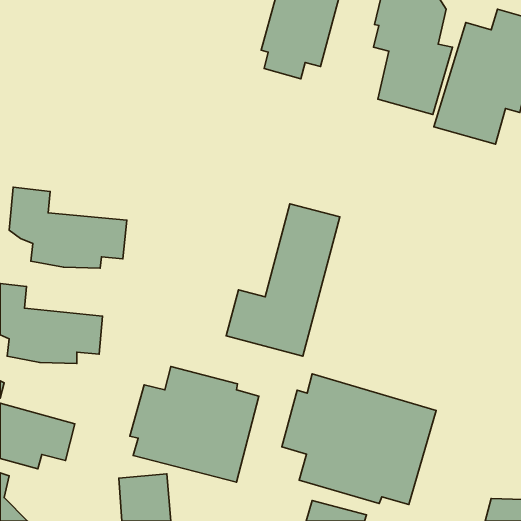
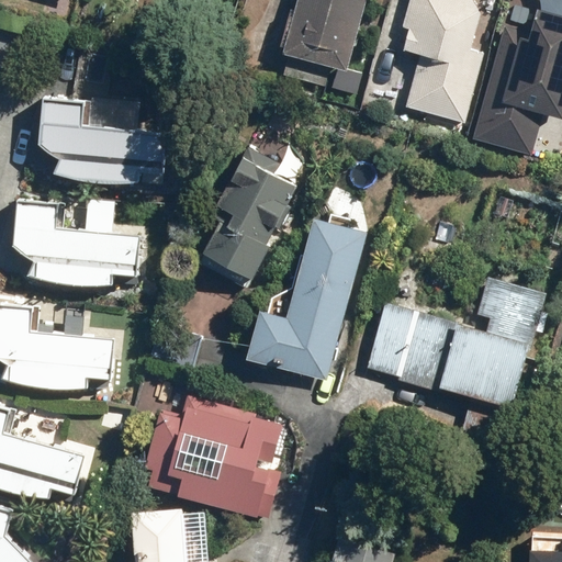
building: none -> [37,100,164,187]
building: none -> [195,157,296,286]
building: none -> [366,276,549,408]
building: [282,374,436,505] -> none

